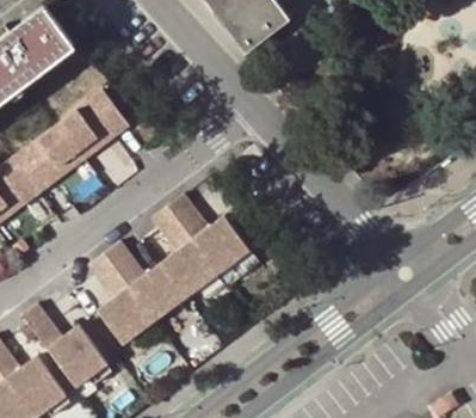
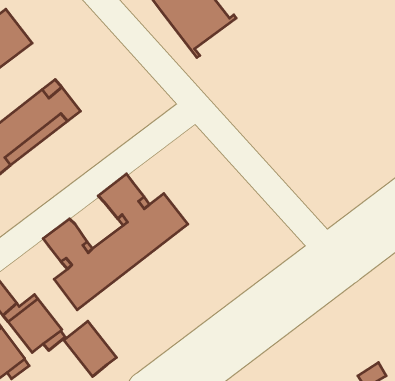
building: none -> [64,321,116,376]

